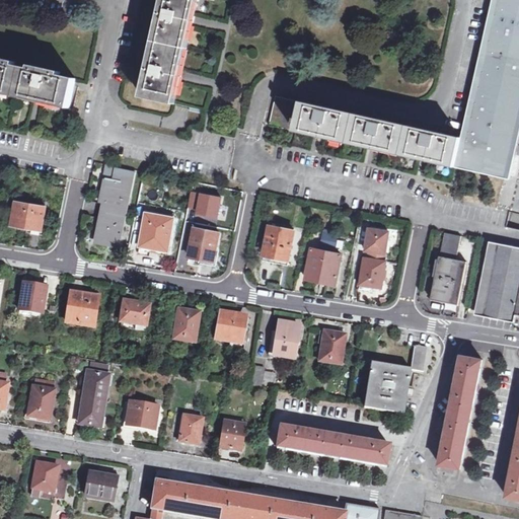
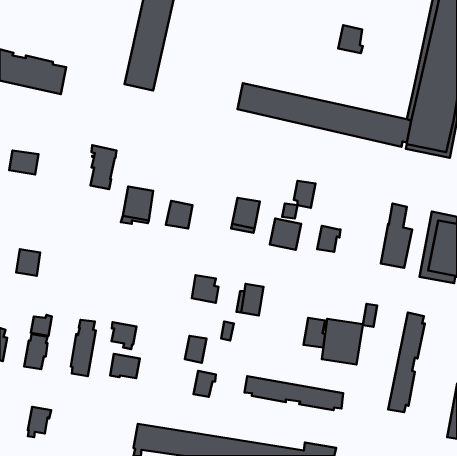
building: none -> [338,25,363,53]
building: [187,190,220,216] -> none
building: [11,201,45,228] -> [9,150,39,175]
building: [97,210,124,241] -> none
building: [364,229,388,260] -> [294,181,315,208]
building: [66,291,97,324] -> none
building: [120,298,150,329] -> none
building: [173,308,198,341] -> none
building: [318,329,343,363] -> [304,318,325,347]
building: none -> [31,315,52,336]
building: none -> [112,322,136,349]
building: [178,414,203,444] -> [185,336,206,363]
building: [85,472,114,500] -> none

